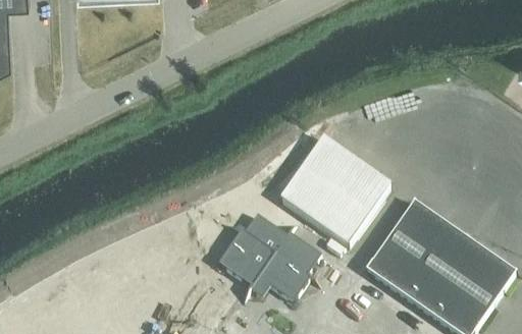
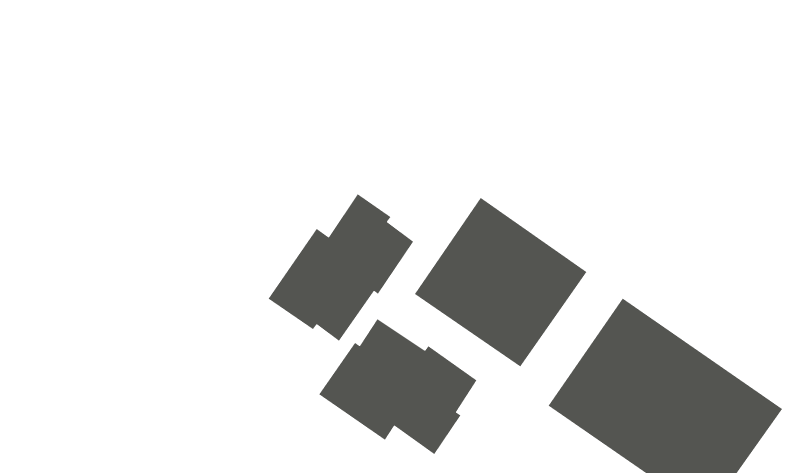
building: none -> [267,193,414,342]

